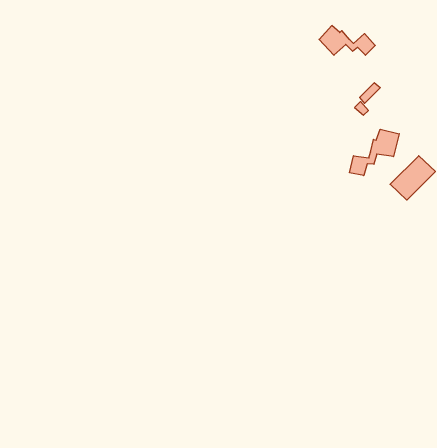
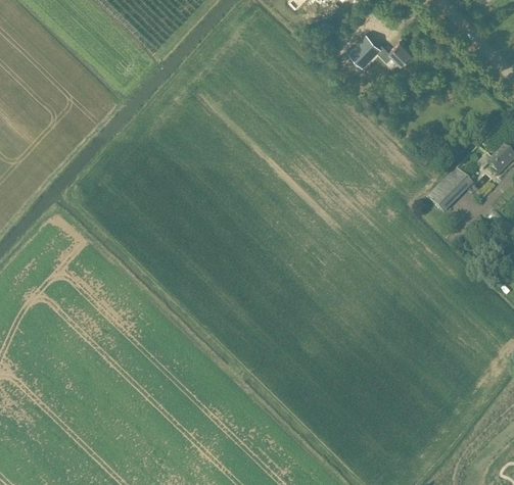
building: [350,129,399,176] -> none

